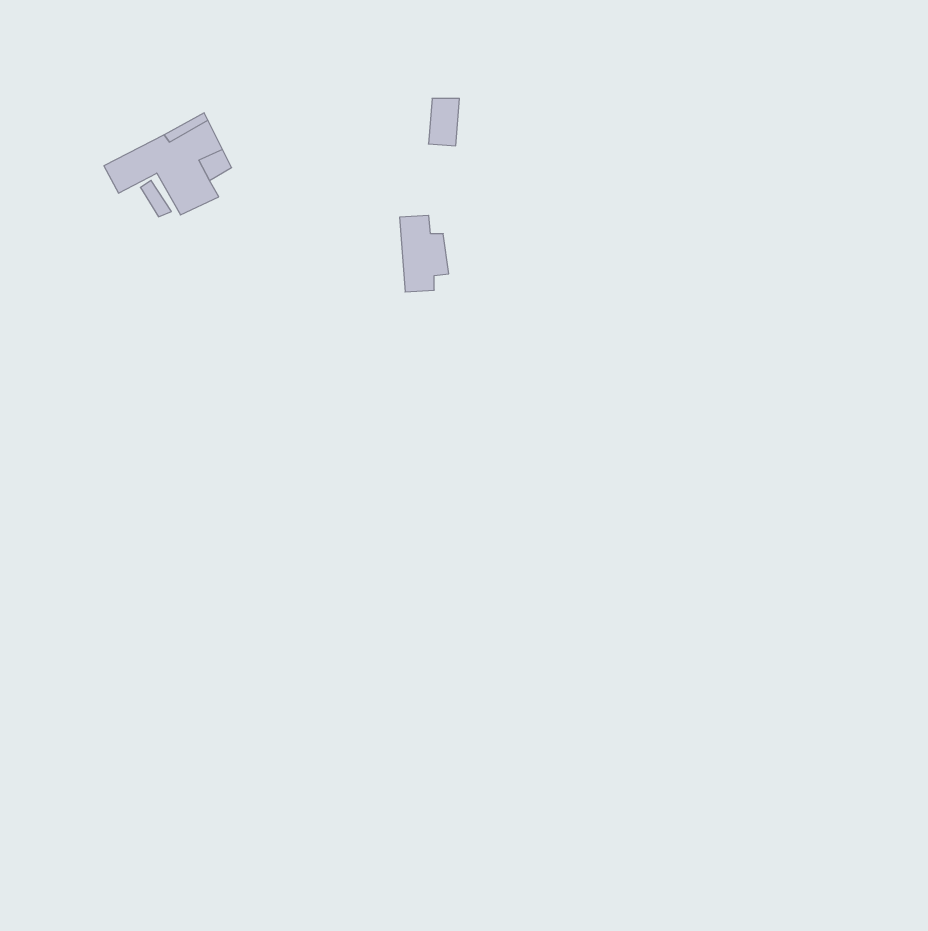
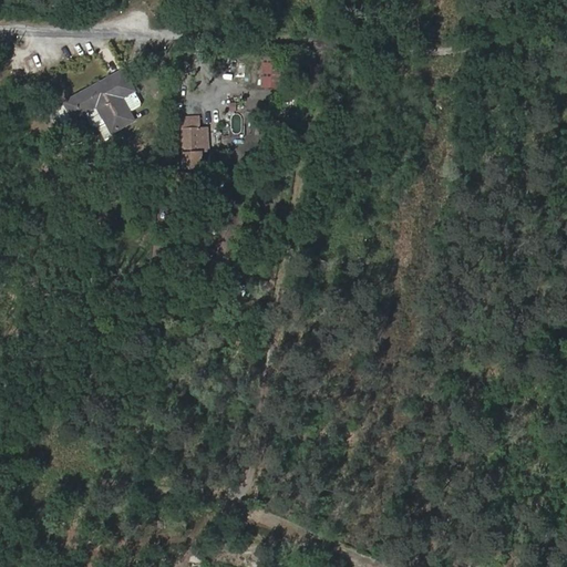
building: [400,215,449,292] -> [178,115,208,162]

